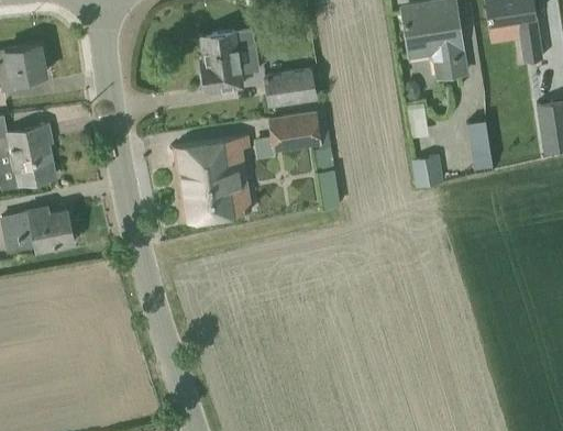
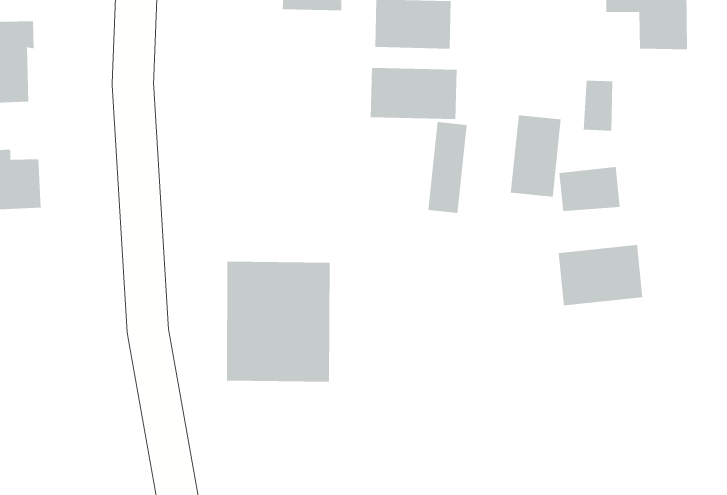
building: [466,120,492,168] -> none
building: none -> [510,114,561,198]
building: [174,136,252,222] -> [226,261,330,382]
building: none -> [558,244,643,306]

